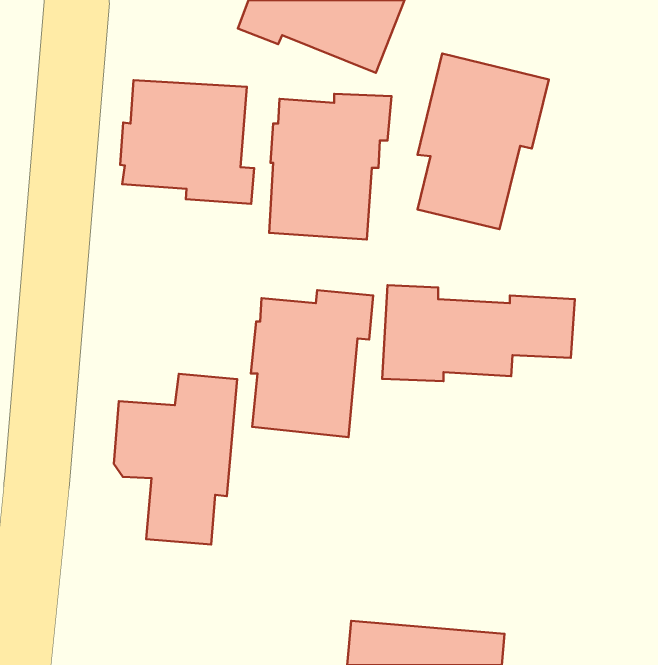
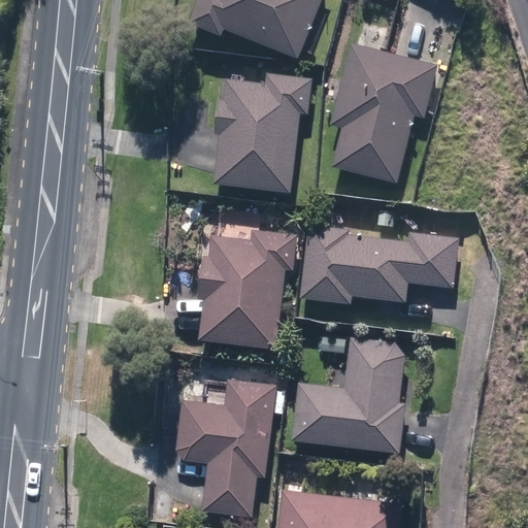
building: [120,80,254,204] -> none
building: [114,374,237,544] -> [176,380,274,515]
building: none -> [292,341,403,450]

